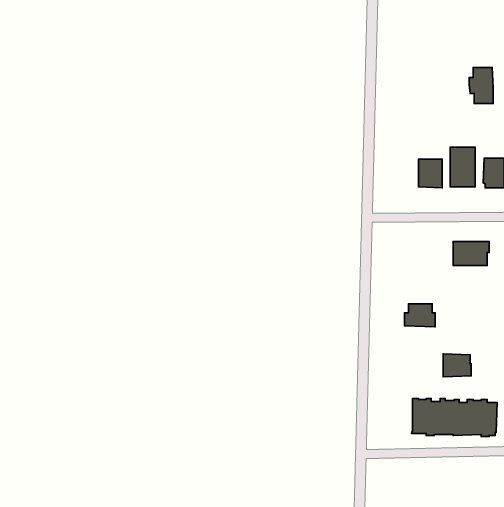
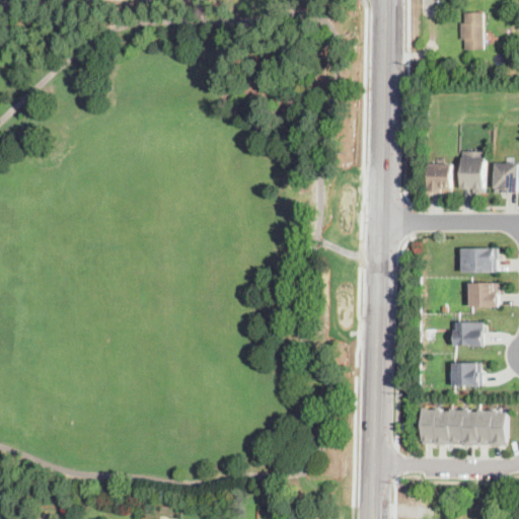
building: [469,68,493,103] -> [457,13,481,50]
building: none -> [468,282,498,306]
building: [404,304,435,327] -> [452,321,484,345]

